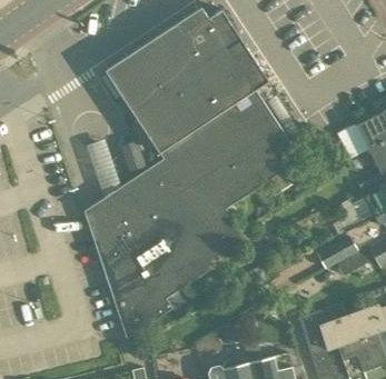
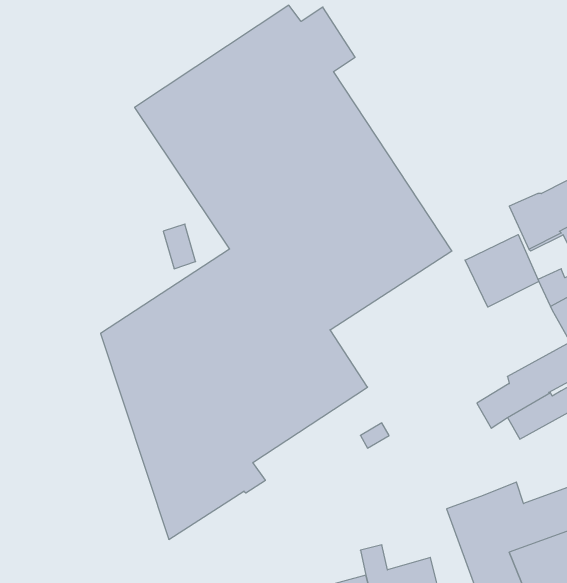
building: none -> [465,235,539,307]

